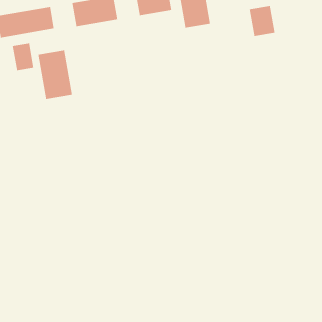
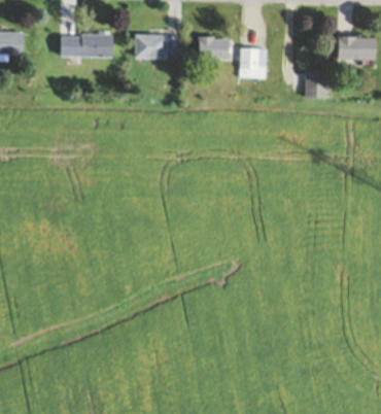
building: [12,43,34,71] -> none
building: [38,49,73,100] -> none

